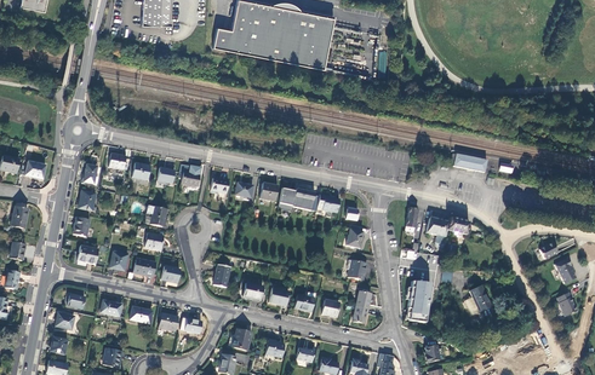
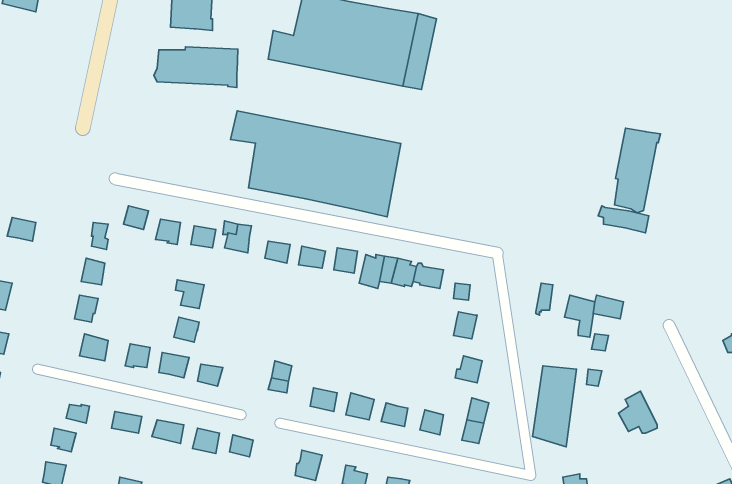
building: none -> [154,47,238,88]
building: none -> [231,111,401,217]
building: none -> [615,128,660,213]

